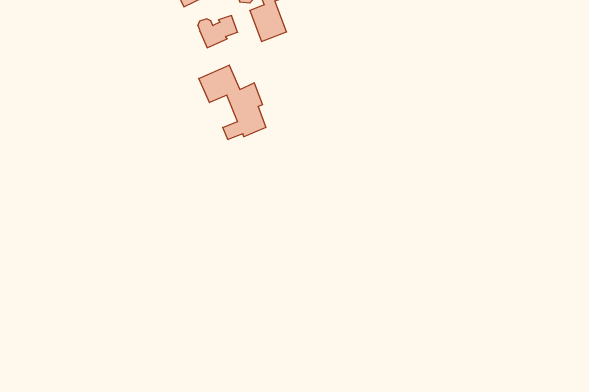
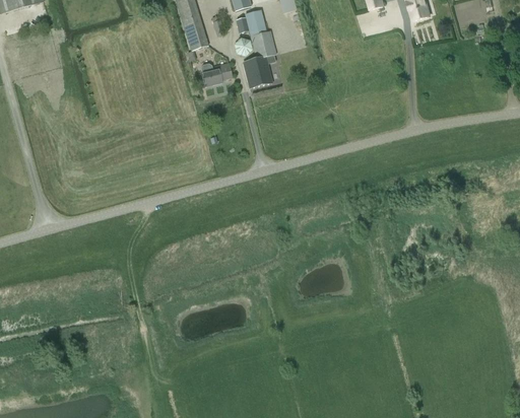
building: [199,65,266,140] -> none

